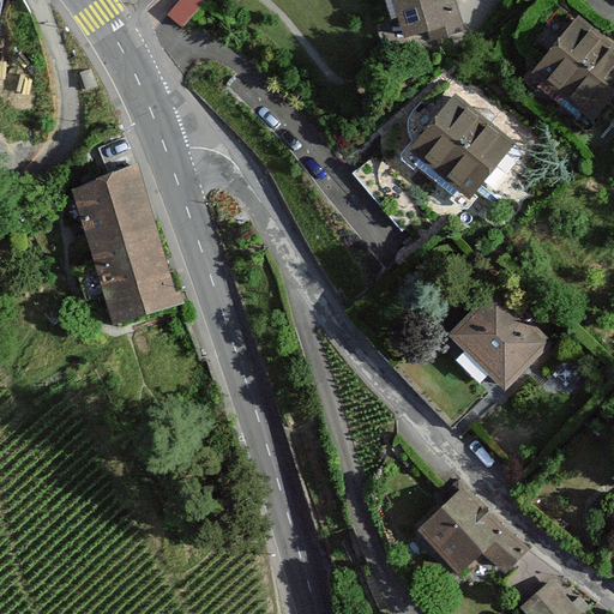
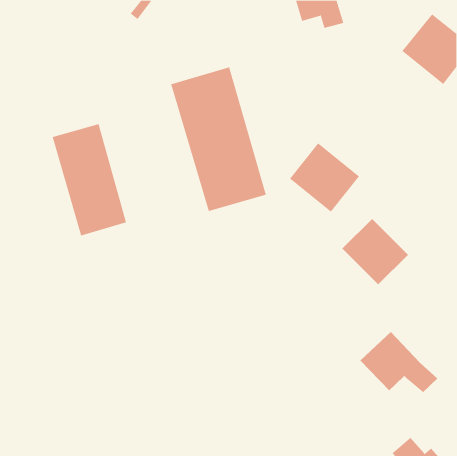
building: none -> [170,67,267,212]
building: [413,97,507,191] -> [289,143,360,212]
building: [419,489,524,572] -> [360,331,438,393]

